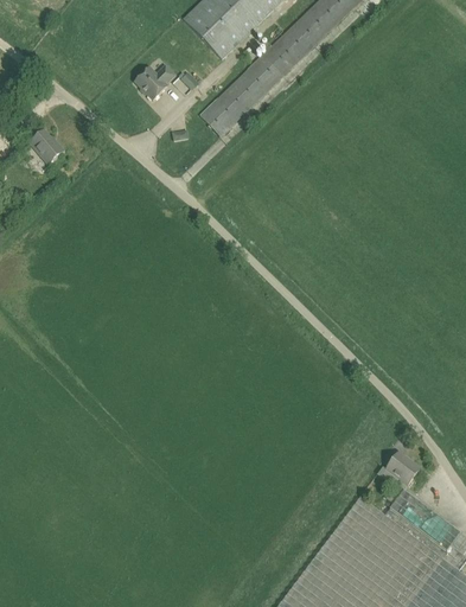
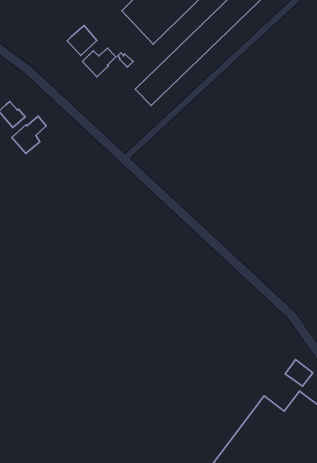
building: none -> [67,25,97,55]
building: none -> [12,116,46,153]

